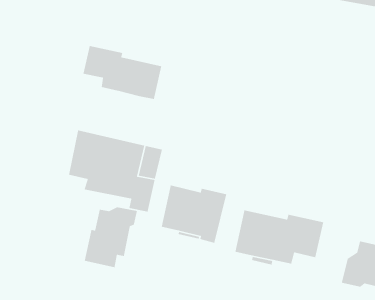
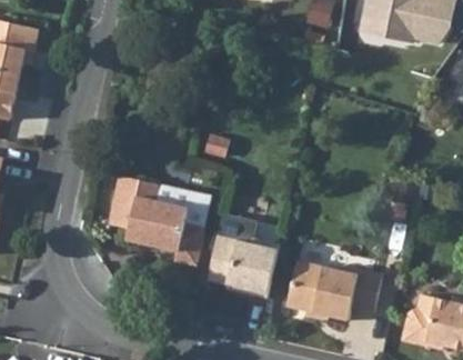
building: [83,45,162,100] -> none
building: [84,206,138,268] -> none

